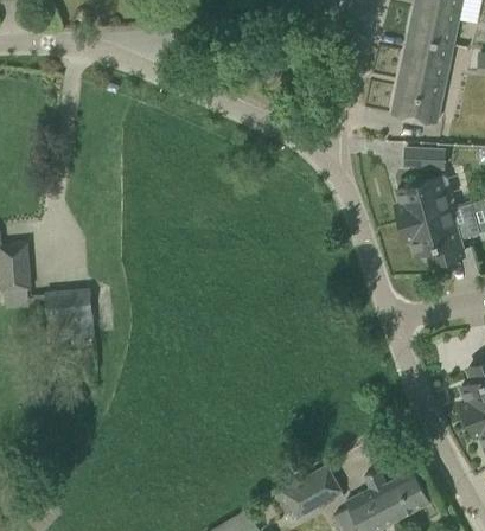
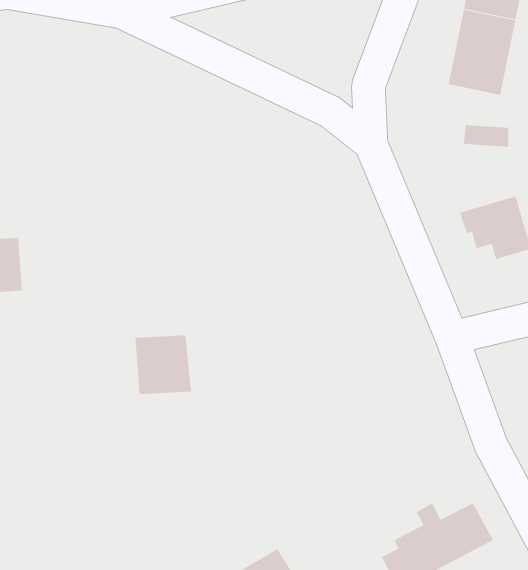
building: [396,175,454,223] -> none
building: [45,289,94,340] -> [135,335,192,395]
building: [281,465,344,519] -> none

